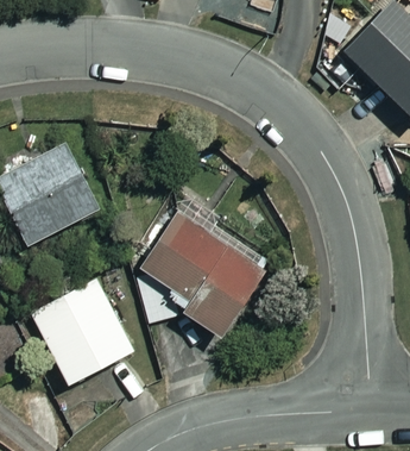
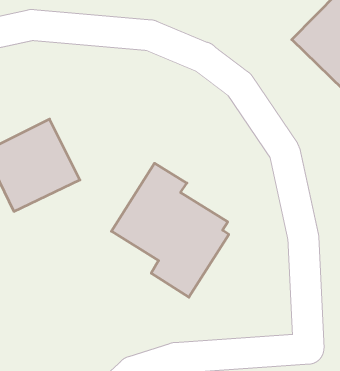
building: [32,280,137,390] -> none

